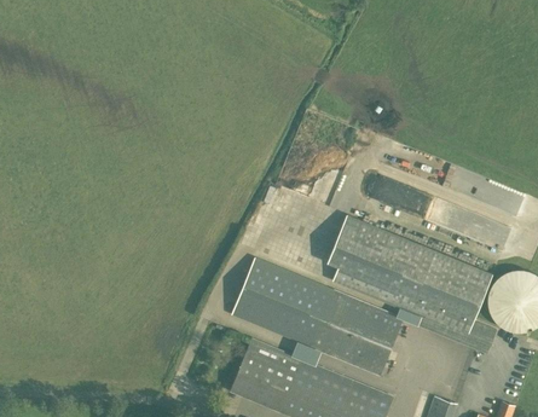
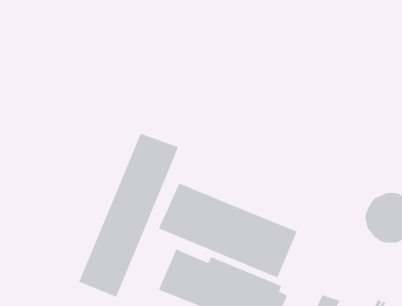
building: none -> [78,133,179,298]
building: [328,215,497,353] -> none

